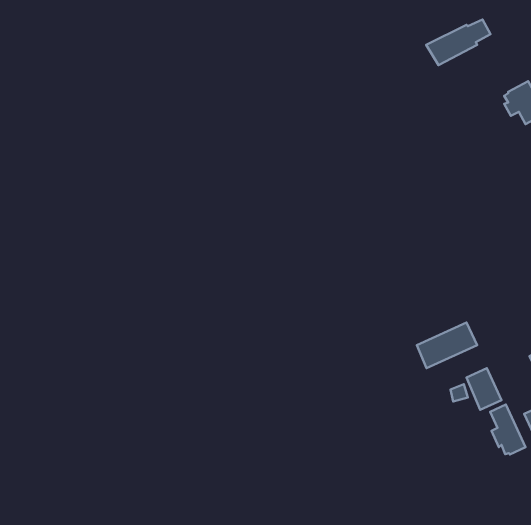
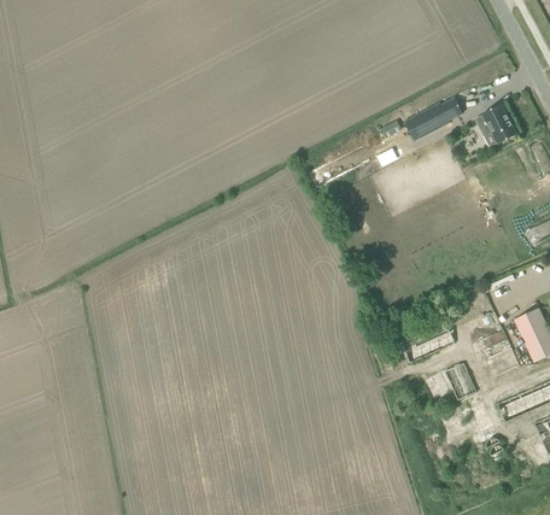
building: [426,19,491,65] -> [404,98,462,139]
building: [490,404,525,454] -> none

